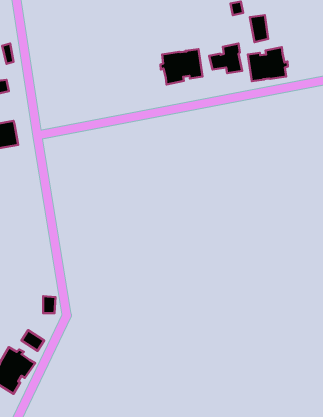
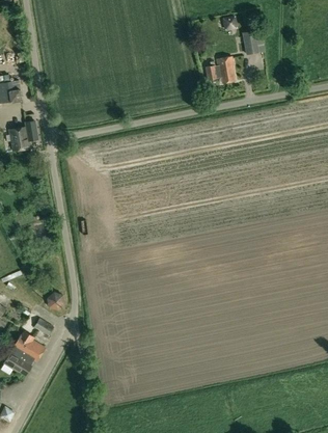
building: [248,47,288,81] -> none
building: [160,49,203,84] -> none

